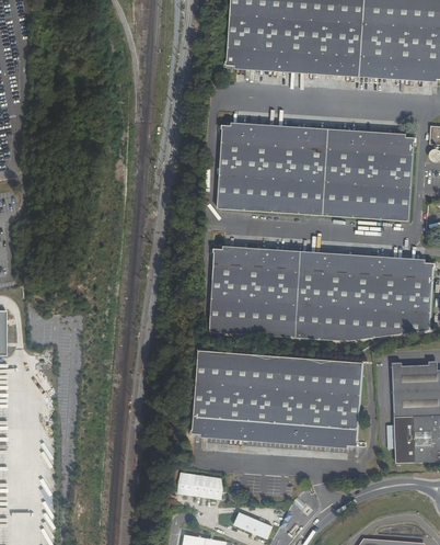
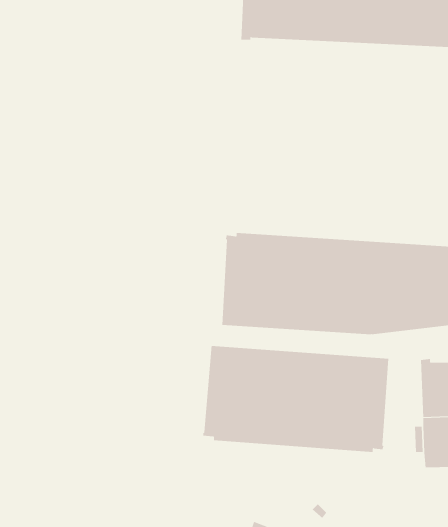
building: [217,130,413,219] -> none
building: [176,473,222,500] -> none

